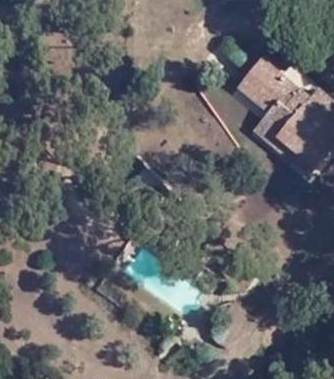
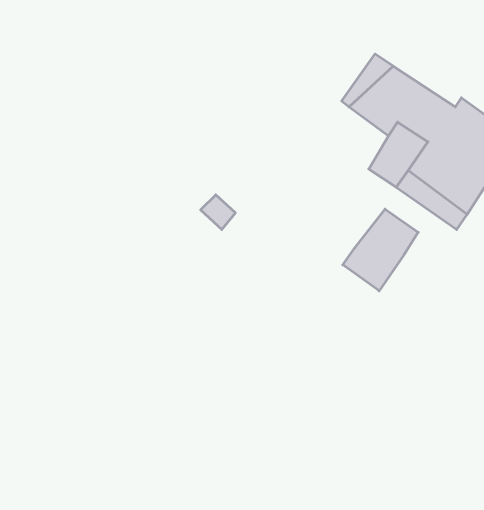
building: none -> [343,209,418,291]

